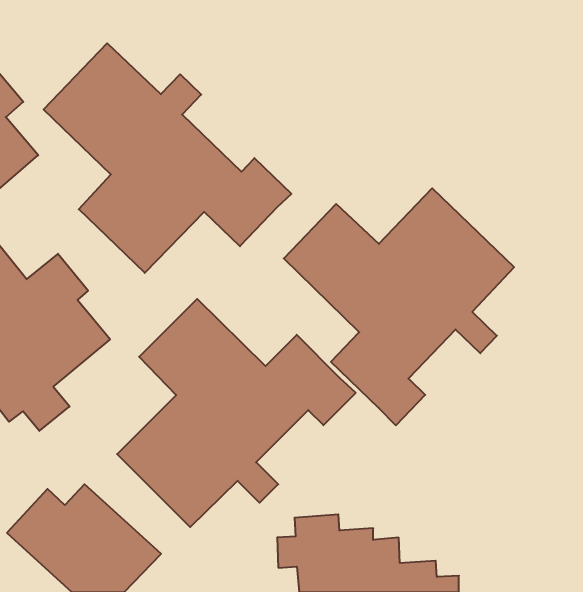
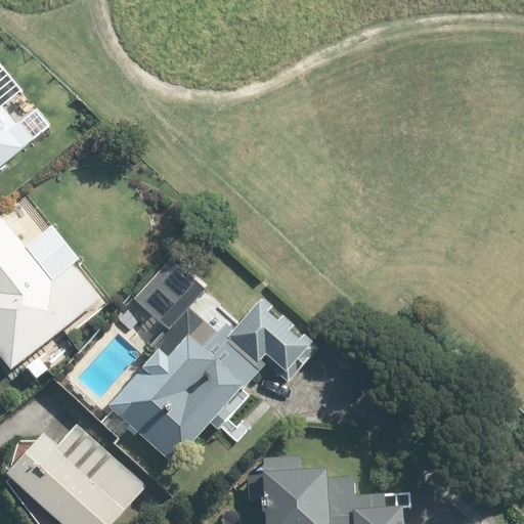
building: [44,43,291,273] -> none
building: [284,188,514,425] -> none

